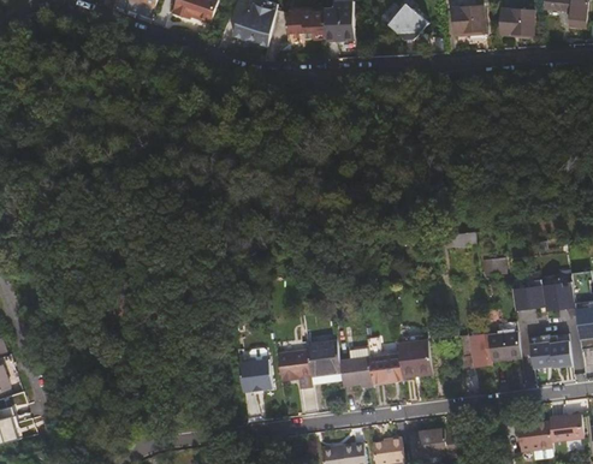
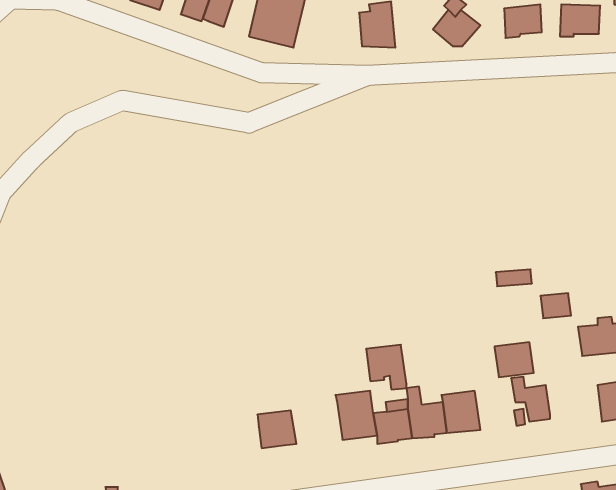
building: [289,14,328,48] -> none
building: [487,331,521,361] -> [495,342,534,377]
building: [277,349,312,387] -> [366,345,407,389]

